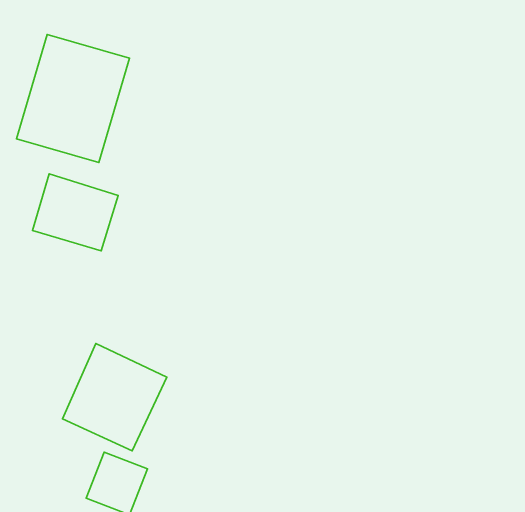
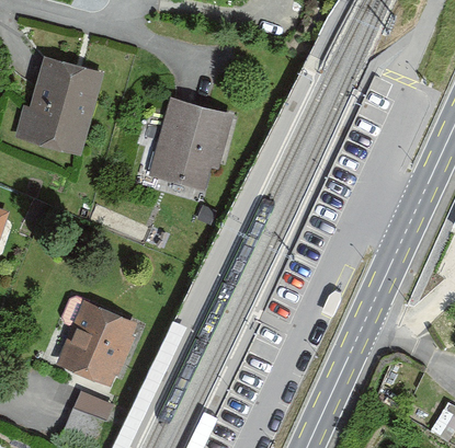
building: none -> [146,100,231,195]
building: [33,174,118,251] -> none

